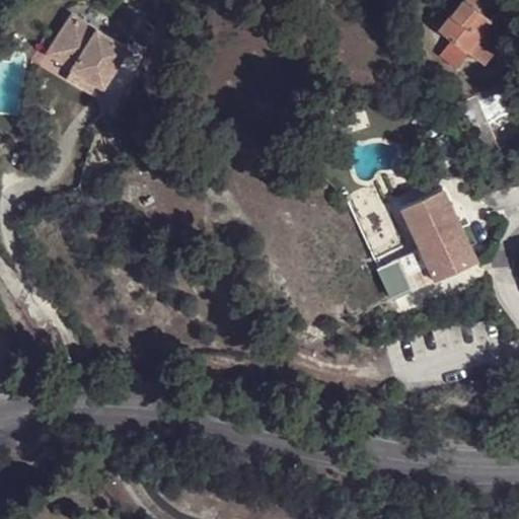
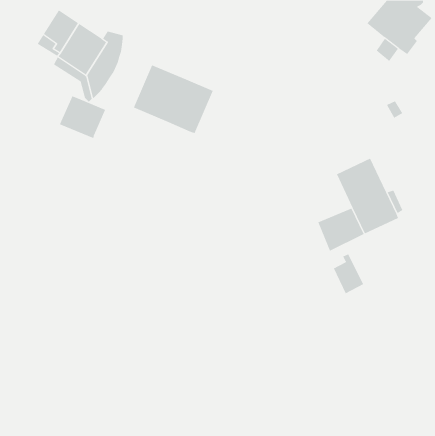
building: none -> [133,65,214,134]
building: none -> [60,95,106,139]
building: none -> [333,253,364,294]

